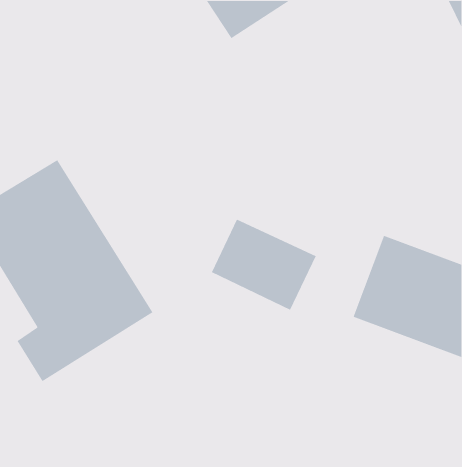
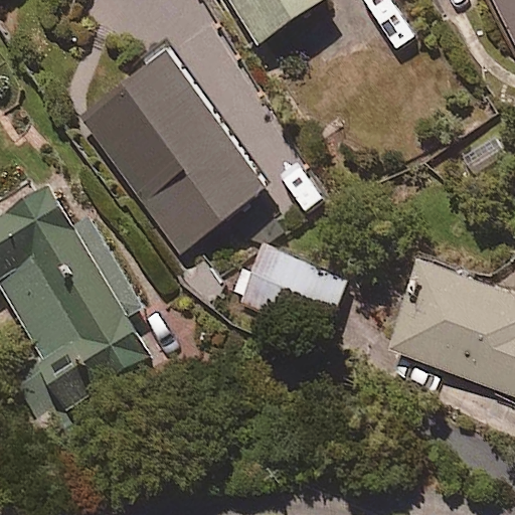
building: none -> [78,50,269,253]

